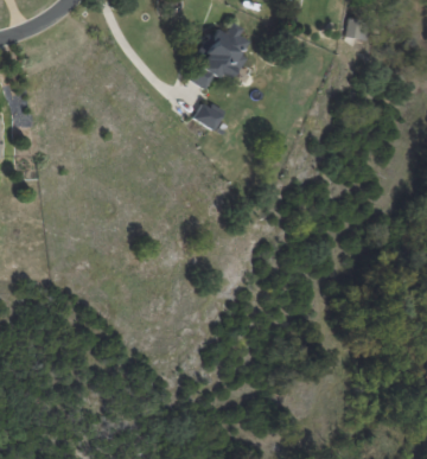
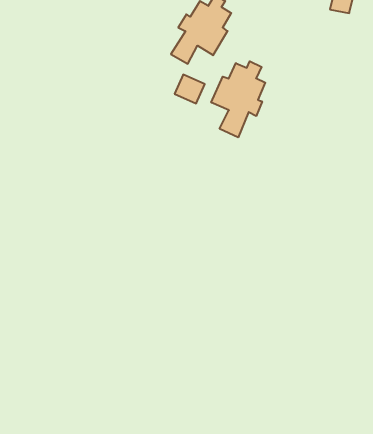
building: none -> [211,61,265,137]

